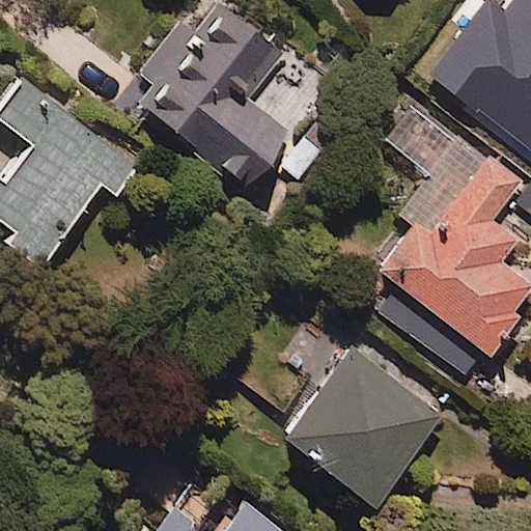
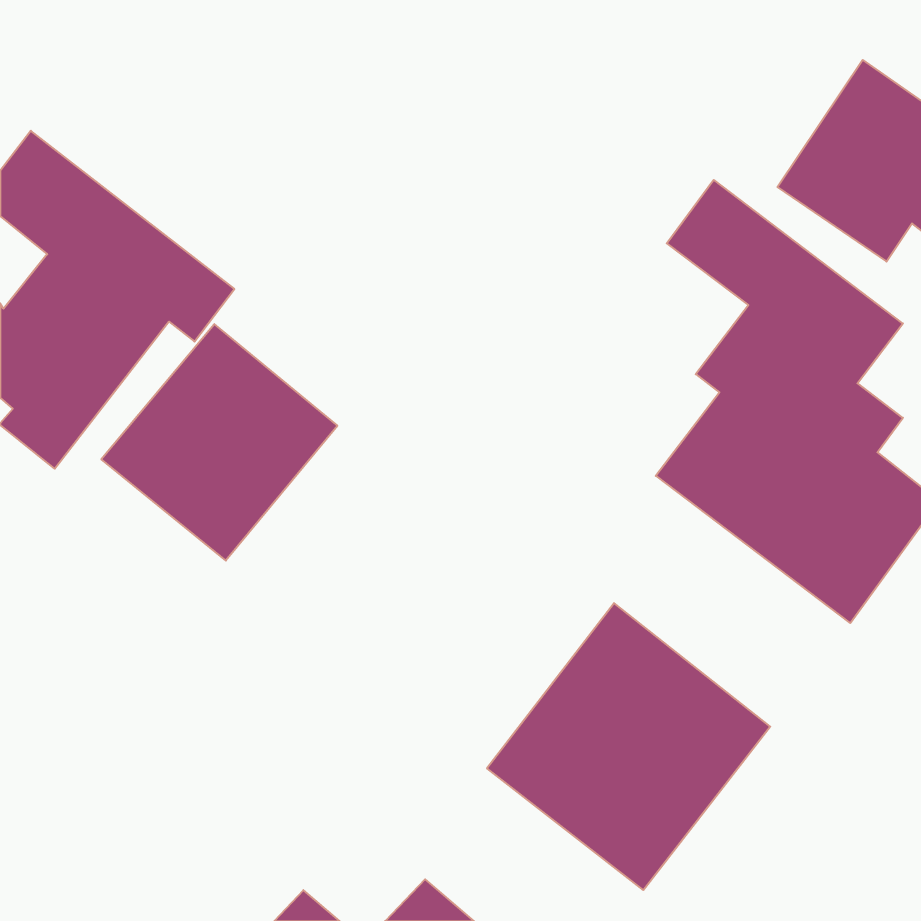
building: [138,6,292,193] -> none
building: none -> [101,324,337,561]

